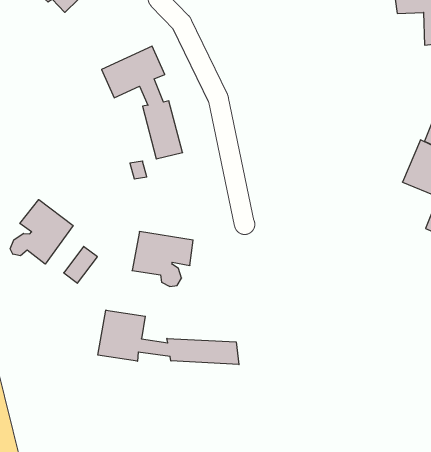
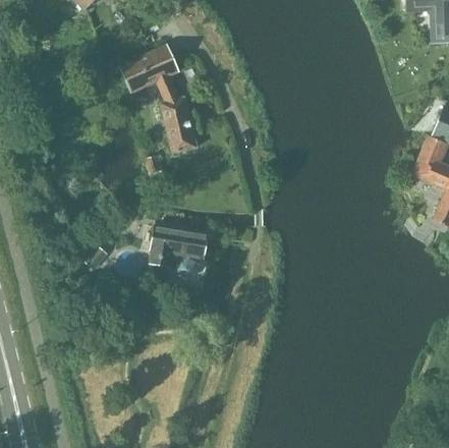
building: [10,200,73,264] -> none
building: [98,310,239,365] -> none

